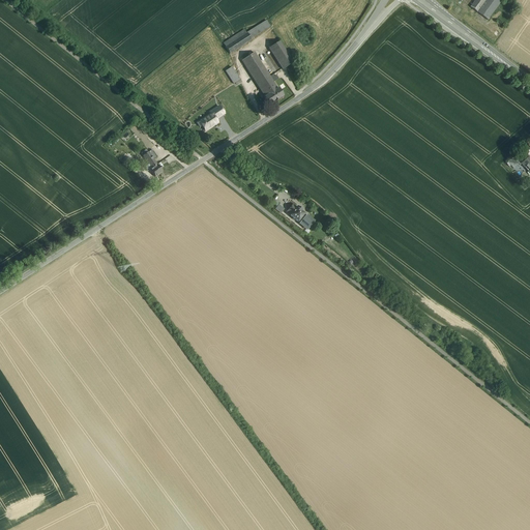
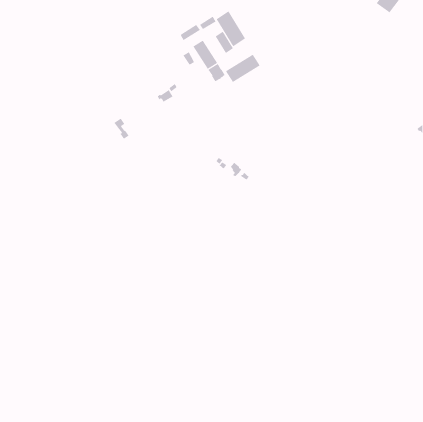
building: none -> [216,11,246,47]
building: none -> [225,54,261,83]

